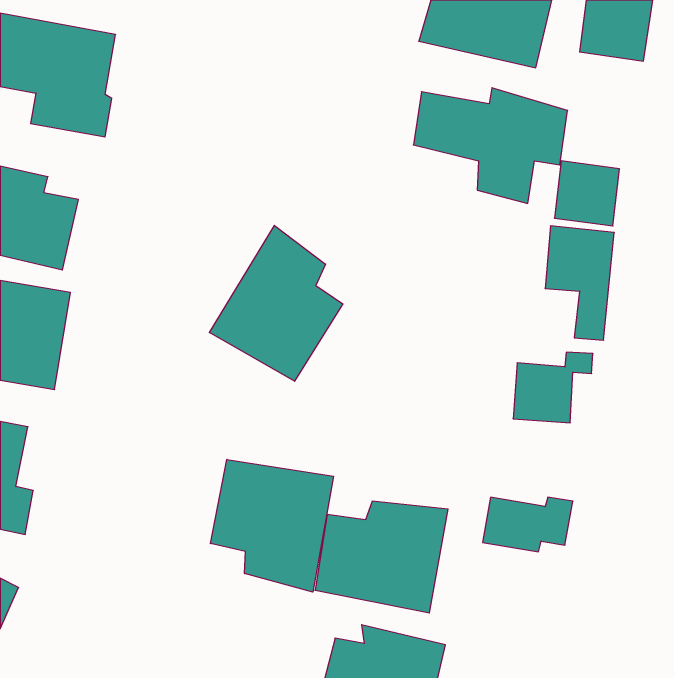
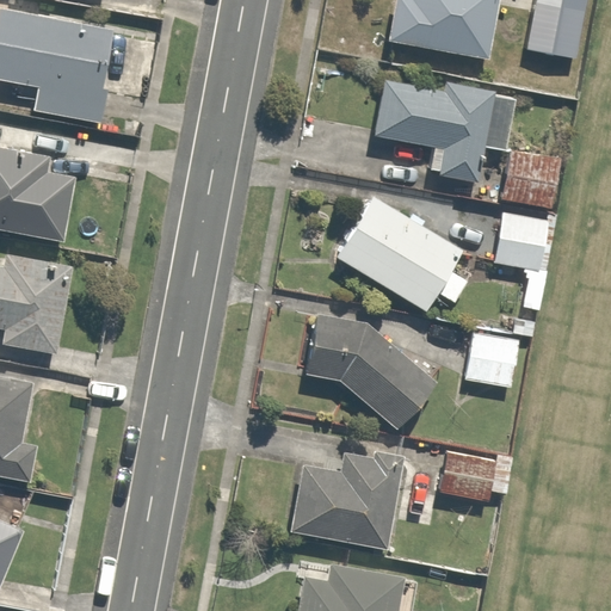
building: none -> [333,196,468,313]
building: [209,225,343,381] -> none
building: none -> [306,316,438,431]
building: [210,459,333,592] -> none

